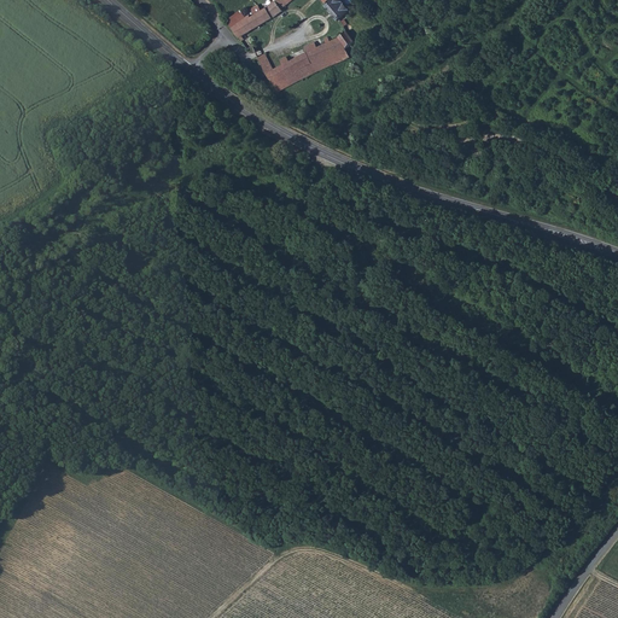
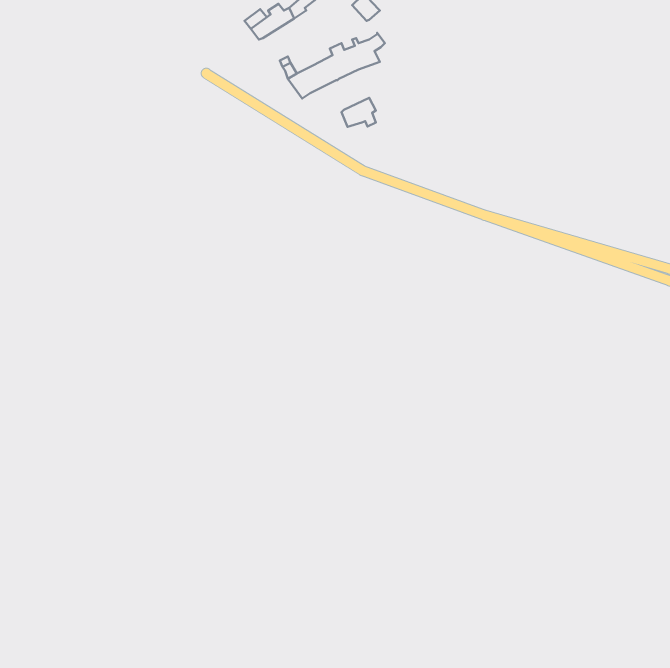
building: none -> [341,98,376,127]

